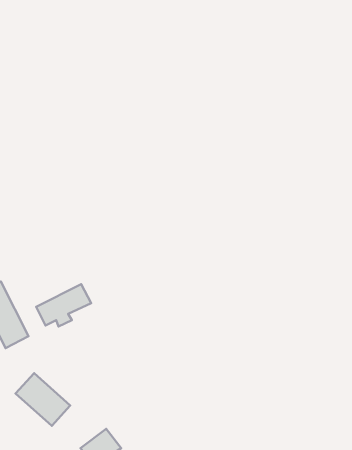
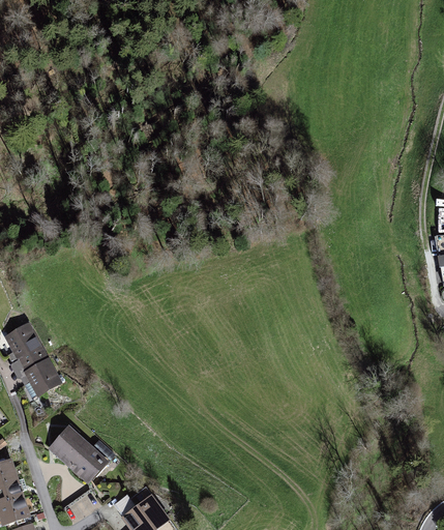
building: [36,284,91,326] -> none

